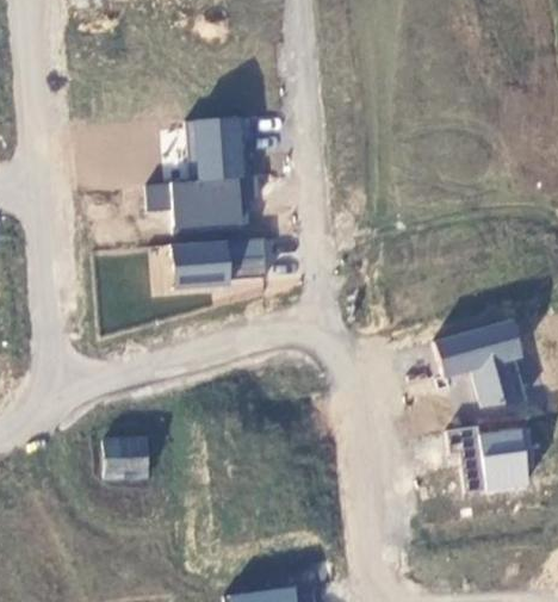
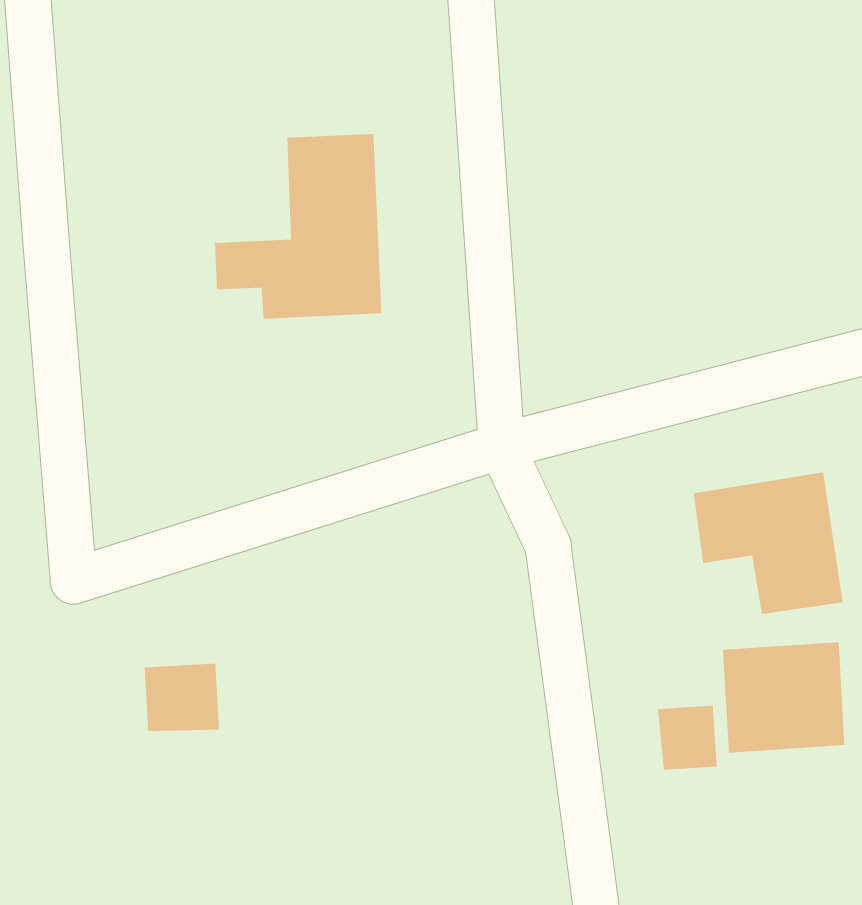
building: [173,238,268,283] -> none
building: none -> [658,705,717,770]

